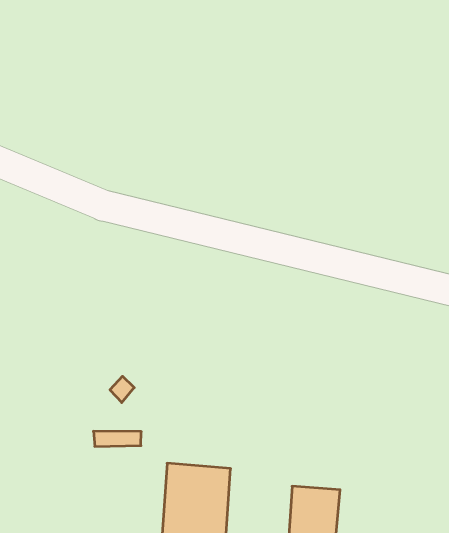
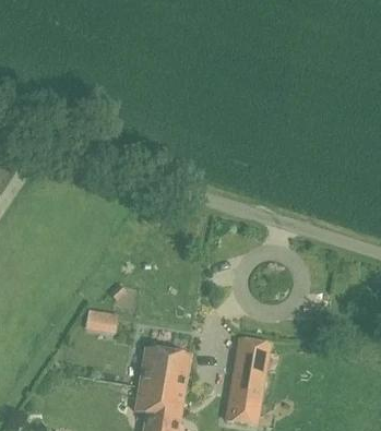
building: none -> [231,336,271,375]

